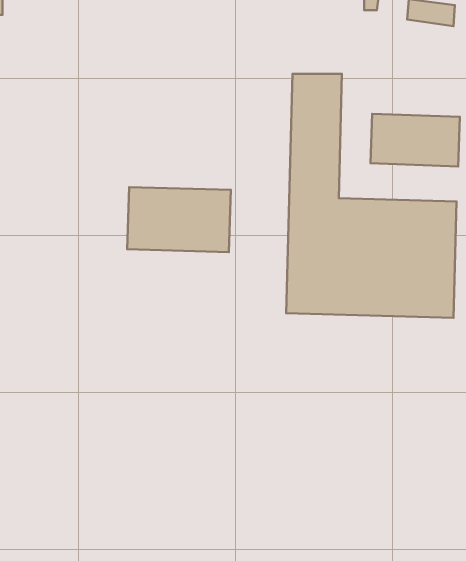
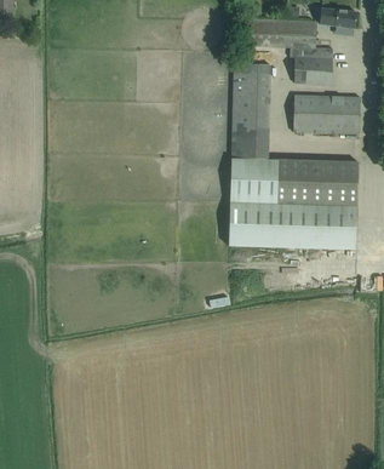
building: none -> [250,18,332,85]
building: [127,187,231,252] -> none

